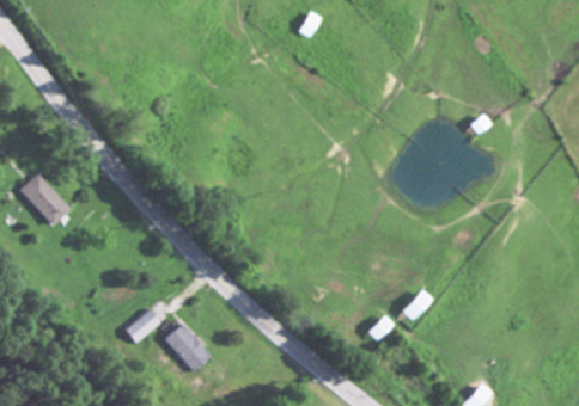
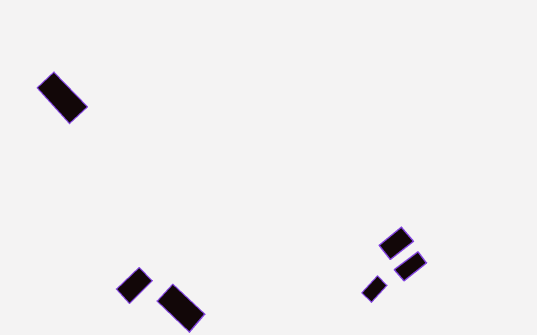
building: [19,173,69,224] -> [37,72,87,124]
building: none -> [379,227,413,259]

